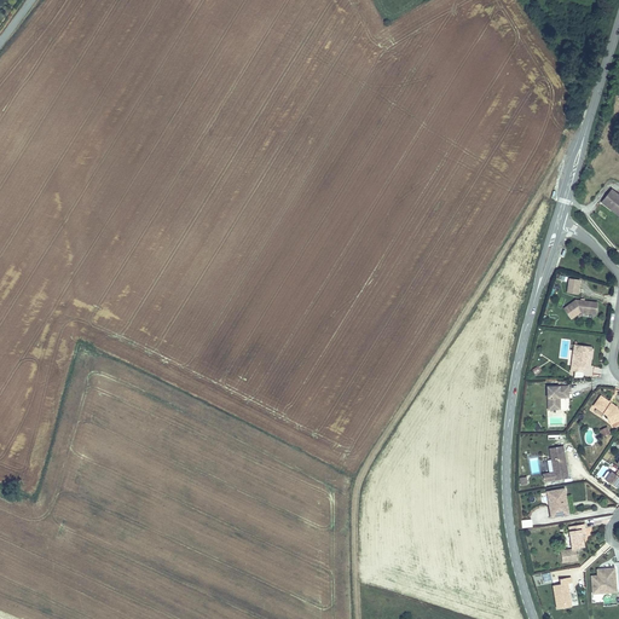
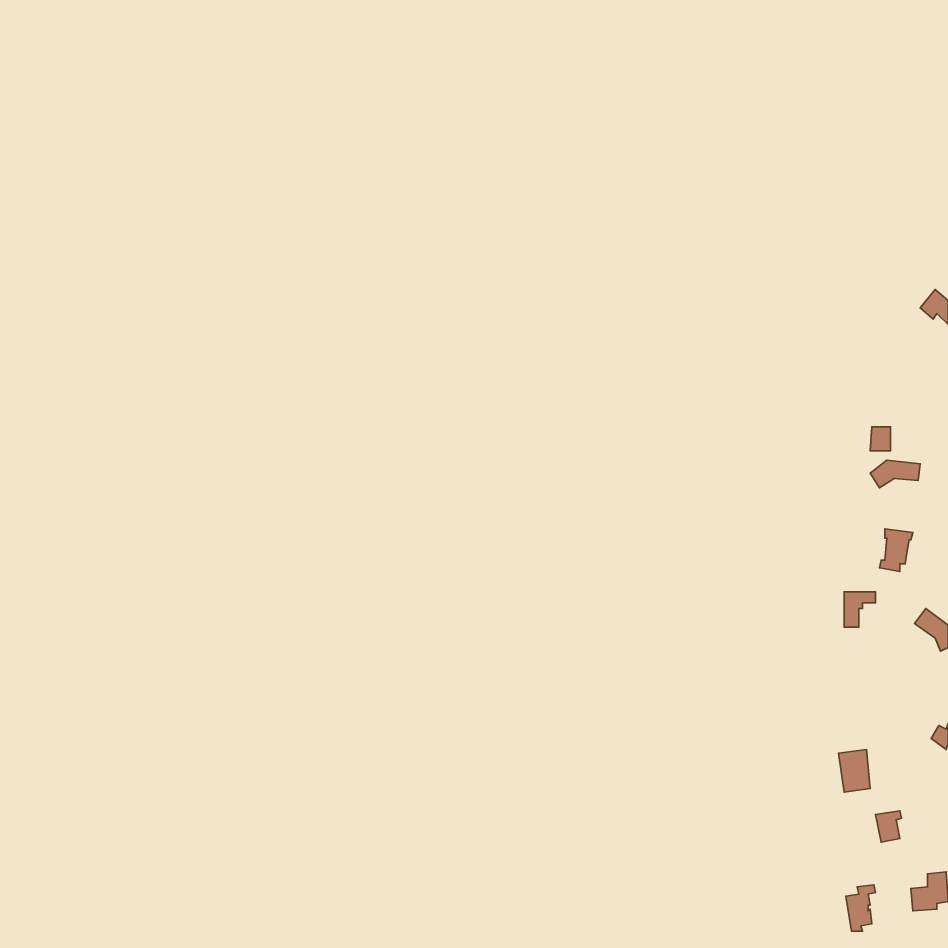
building: [543,446,568,481] -> none

